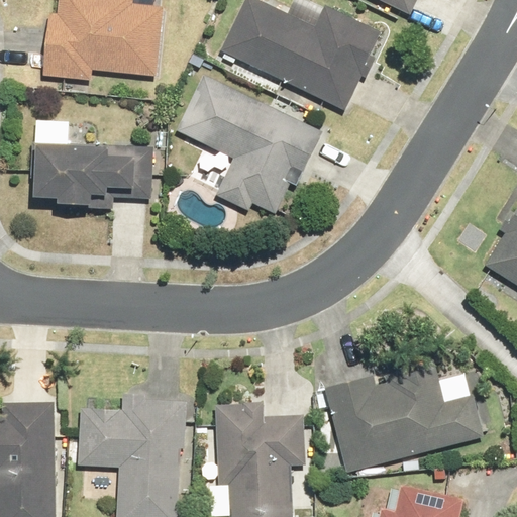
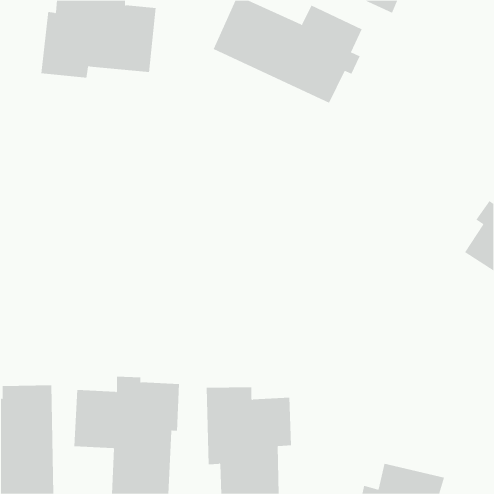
building: [176,74,323,215] -> none
building: [32,143,153,211] -> none
building: [325,358,485,473] -> none

